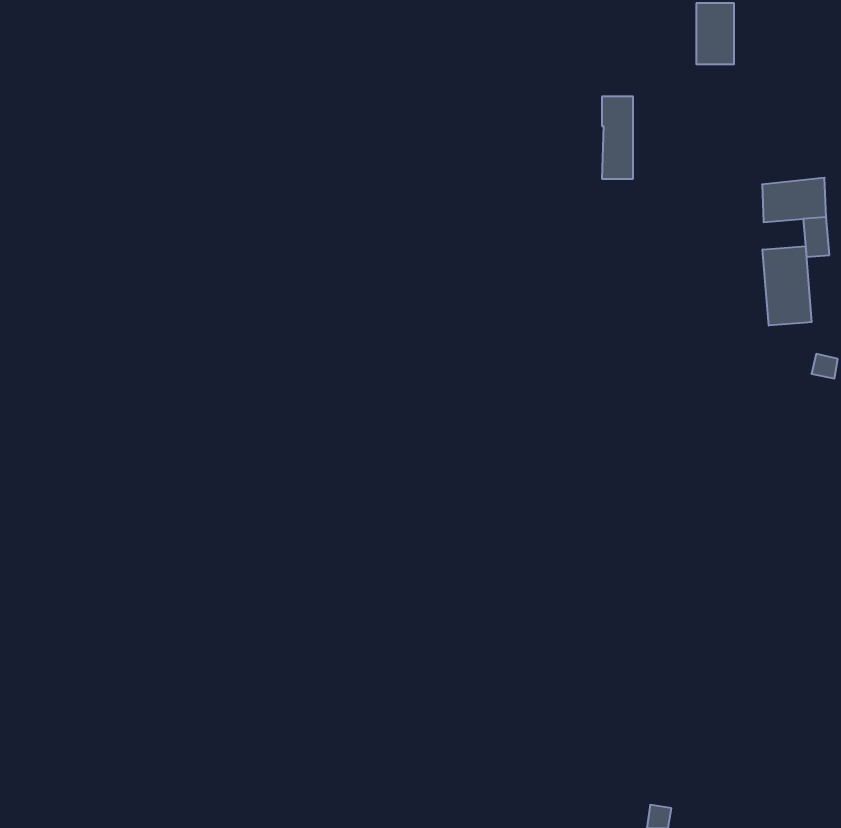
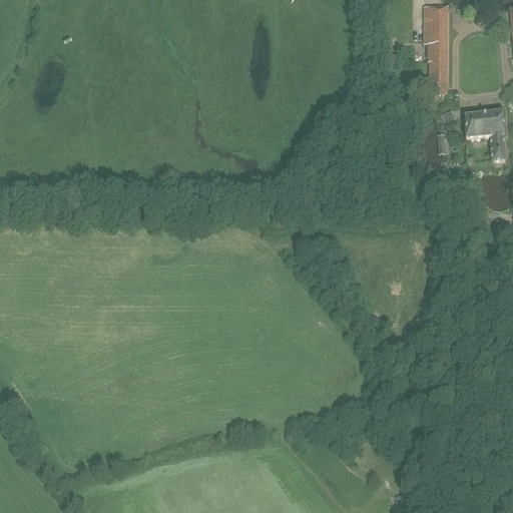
building: [602,97,633,179] -> [428,39,447,89]
building: [763,246,812,326] -> none

